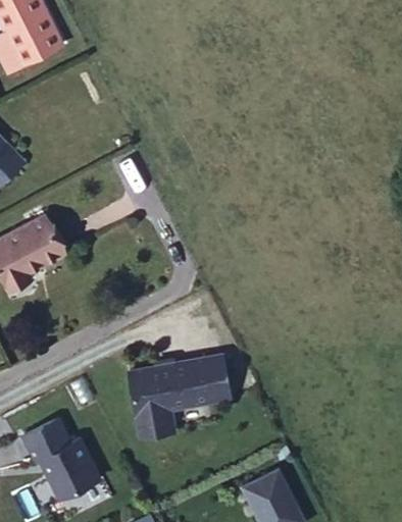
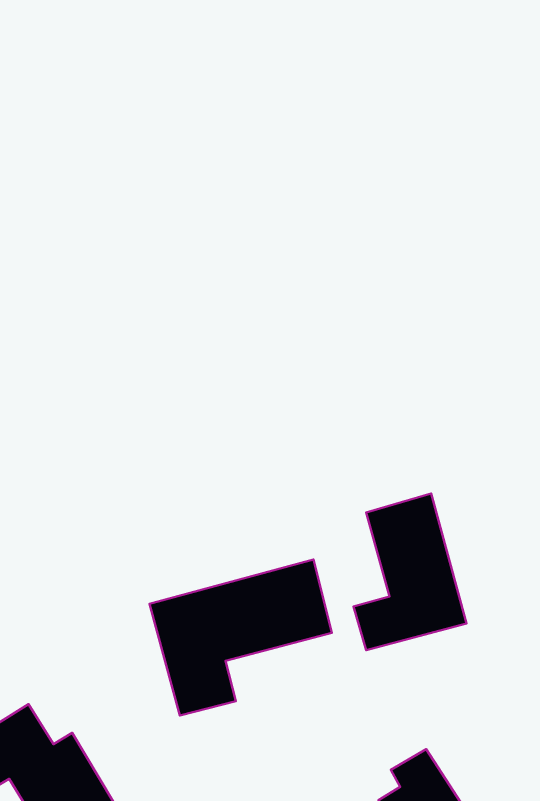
building: none -> [354,494,466,650]

